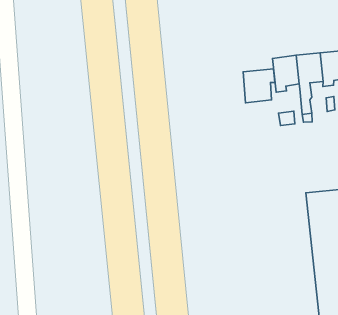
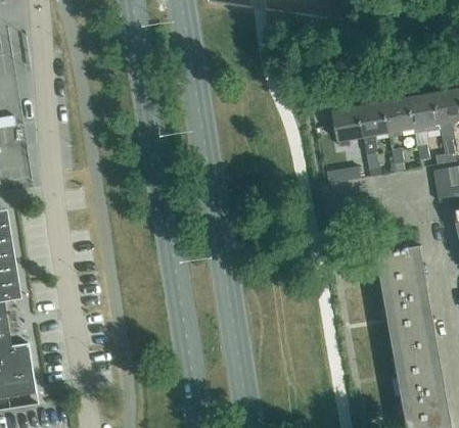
building: [243,69,275,103] -> none

